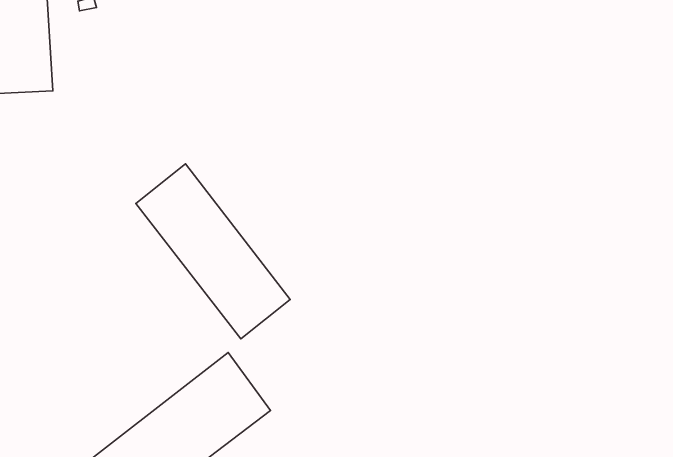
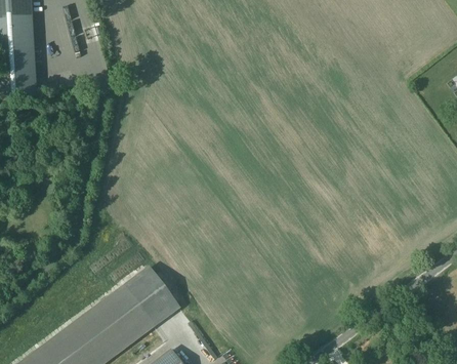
building: [136,164,290,339] -> none

